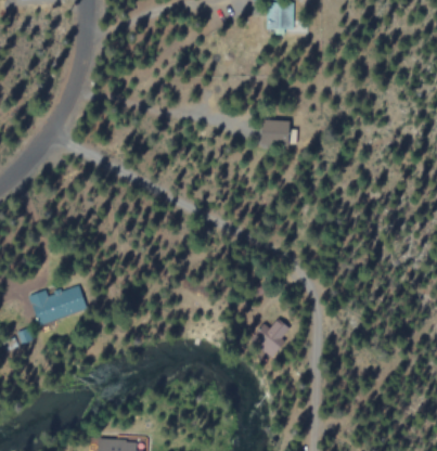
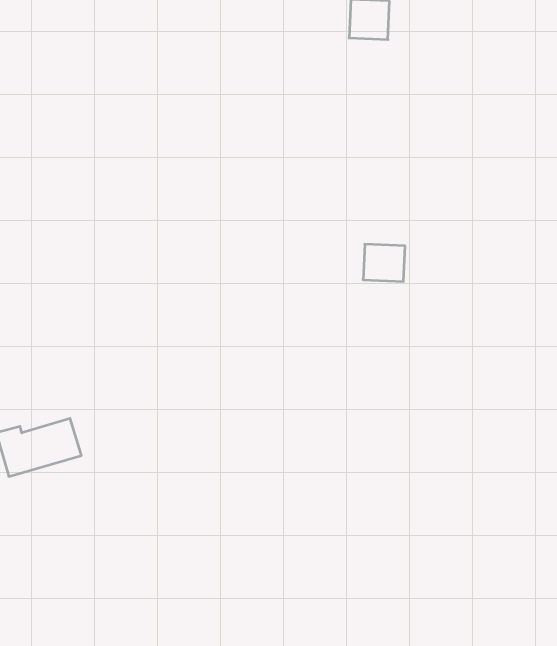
building: [262,120,291,145] -> [363,244,405,281]
building: [255,318,287,357] -> none

